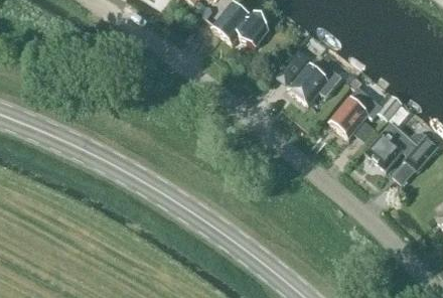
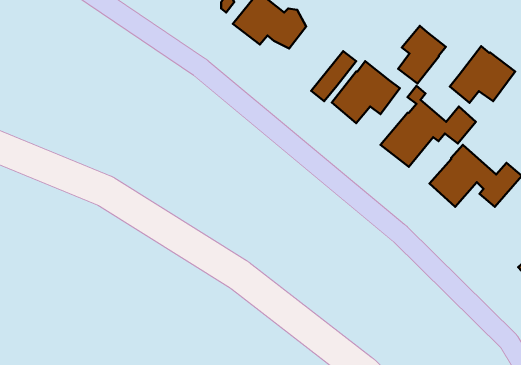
building: none -> [398,26,446,83]
building: none -> [450,46,515,103]

